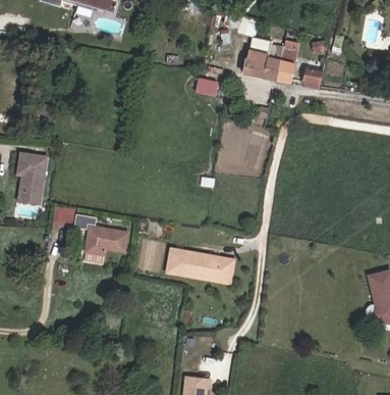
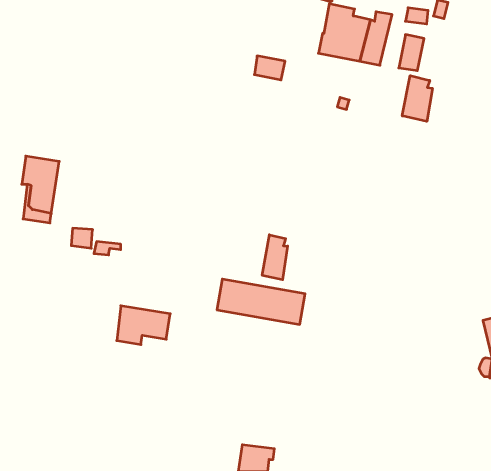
building: none -> [402,76,432,121]
building: none -> [262,235,288,280]
building: [83,227,124,256] -> [117,306,170,345]

